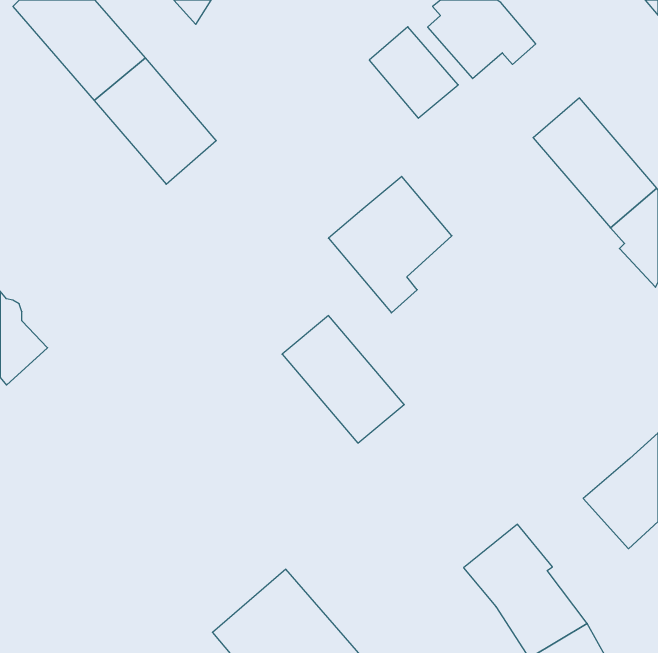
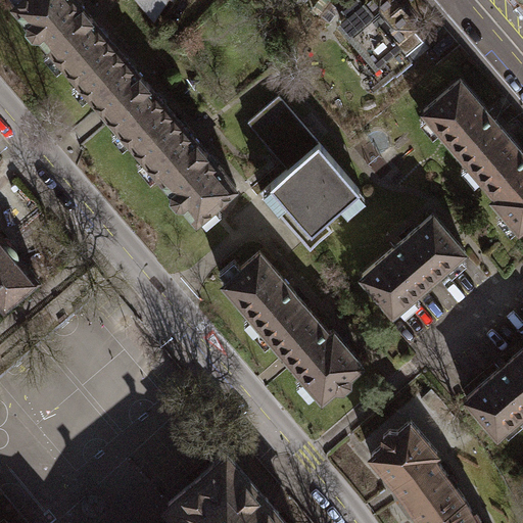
building: [369,27,458,118] -> [248,98,319,171]
building: none -> [132,115,235,225]
building: none -> [361,215,466,316]
building: none -> [284,325,363,407]

